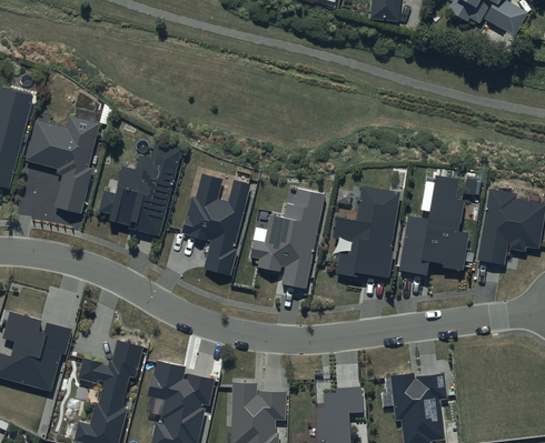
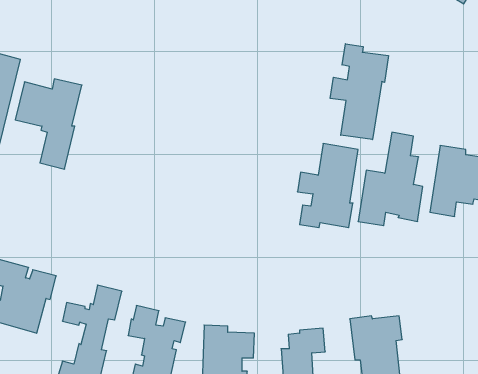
building: none -> [330,44,388,140]
building: [98,142,180,238] -> none
building: [179,173,248,275] -> none
building: [244,183,329,294] -> none

